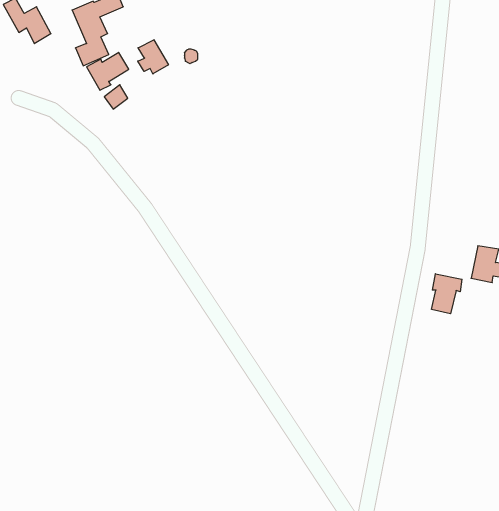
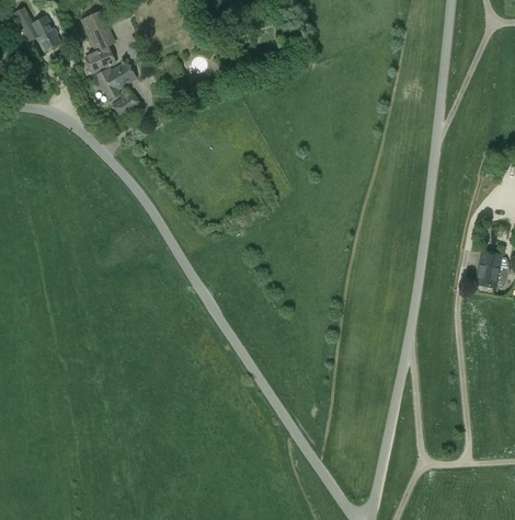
building: [138,40,168,74] -> none
building: [432,274,462,314] -> none

